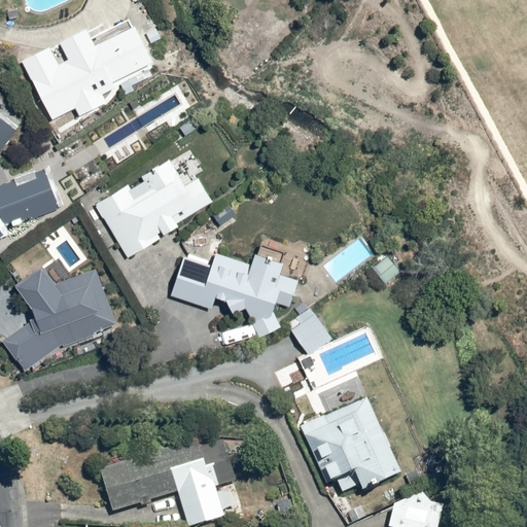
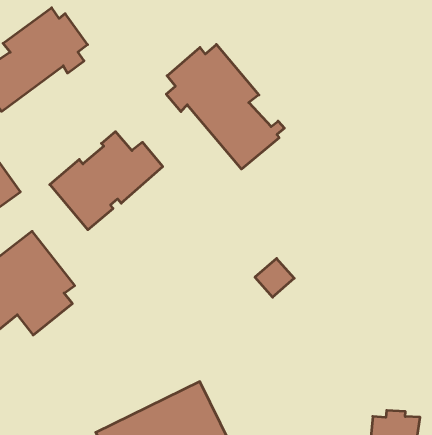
building: none -> [166,44,284,169]
building: [171,247,297,335] -> none
building: [298,394,400,494] -> none

